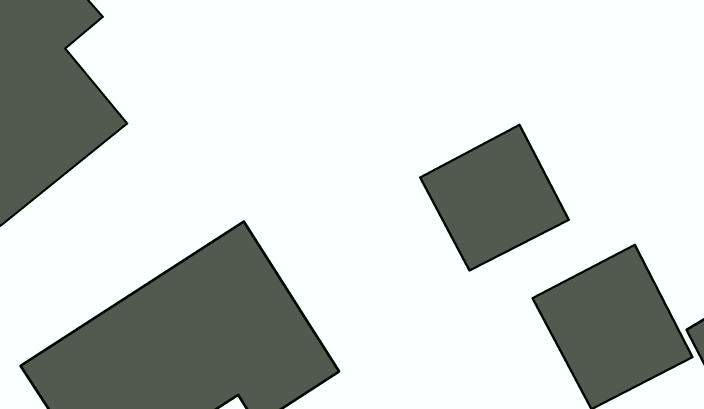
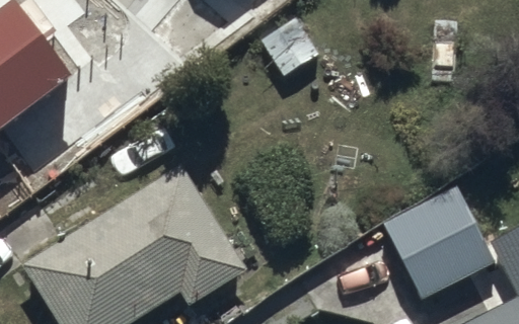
building: [420,125,569,271] -> none

